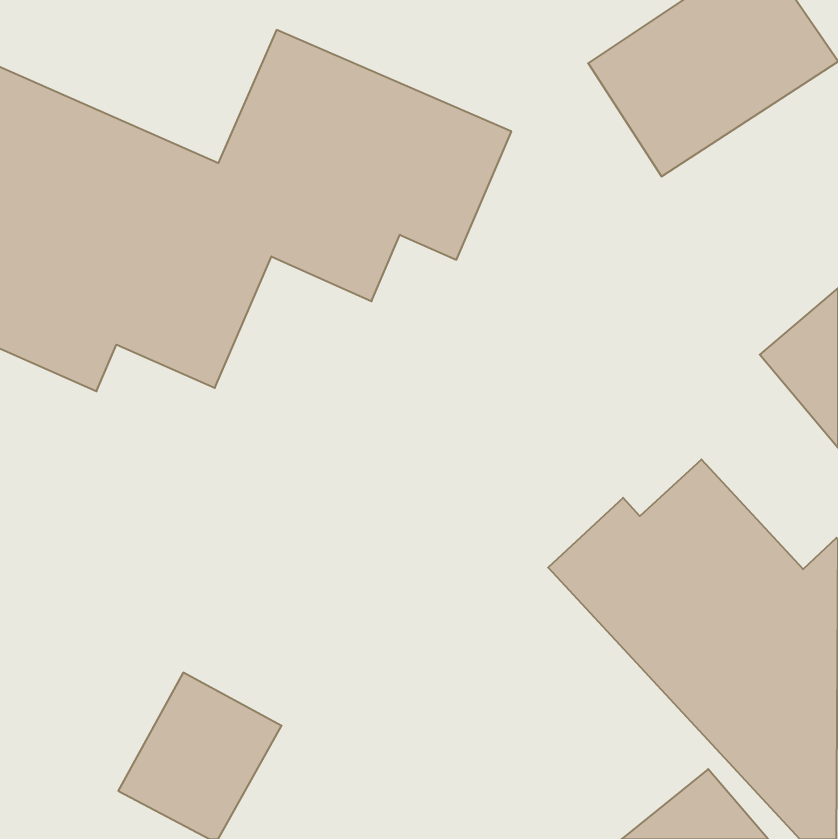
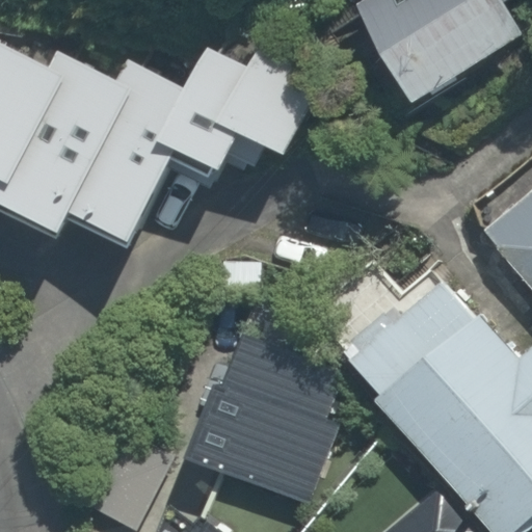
building: none -> [193,330,347,502]

